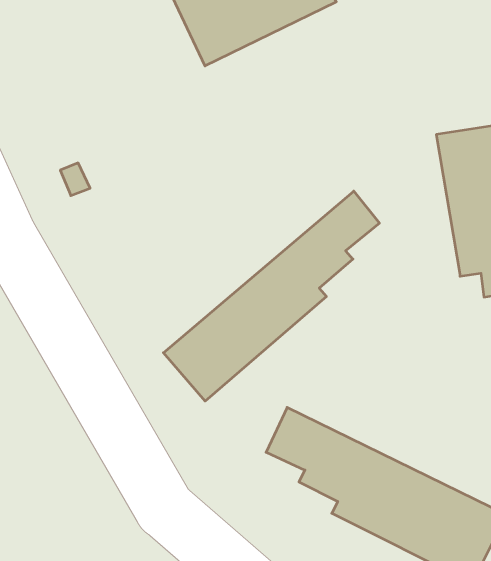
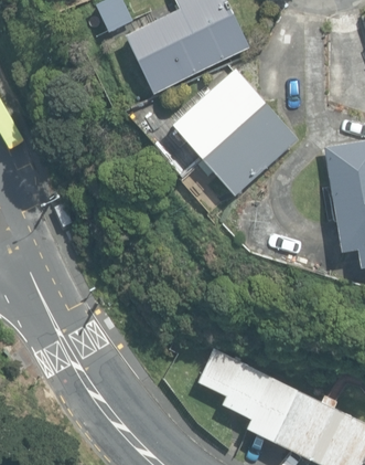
building: none -> [172,68,297,195]
building: [163,191,379,401] -> none

